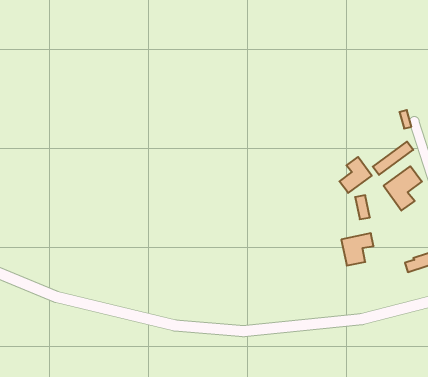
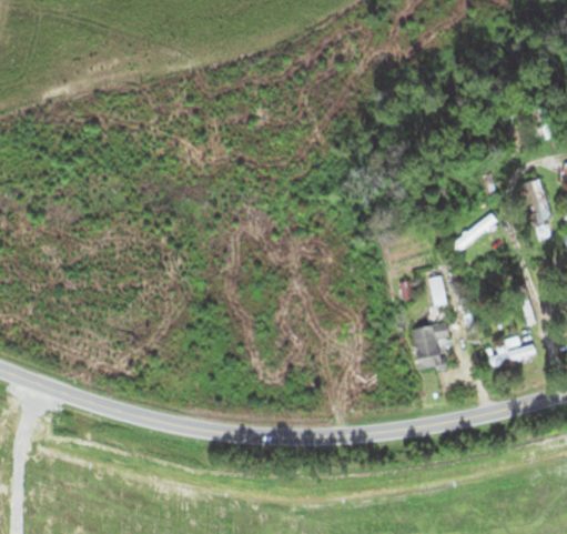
building: [339,157,372,193] -> none
building: [384,166,422,211] -> none

